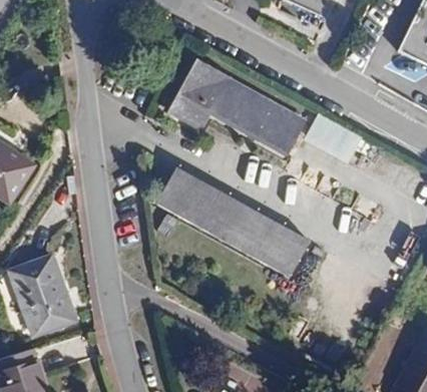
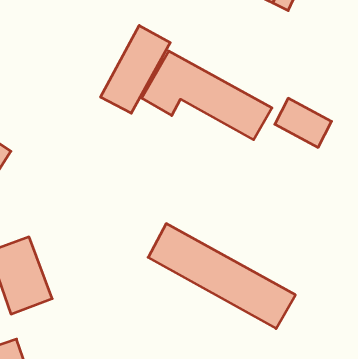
building: none -> [101,25,170,113]
building: [156,167,310,277] -> [148,224,295,329]

